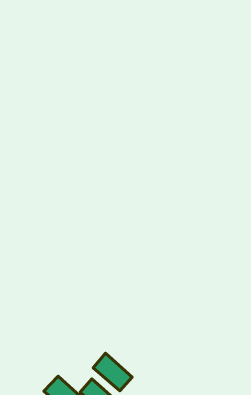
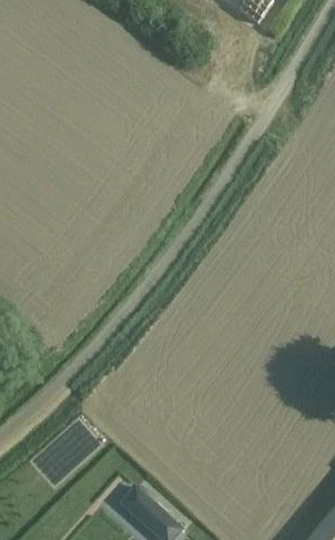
building: [93,353,132,391] -> none

